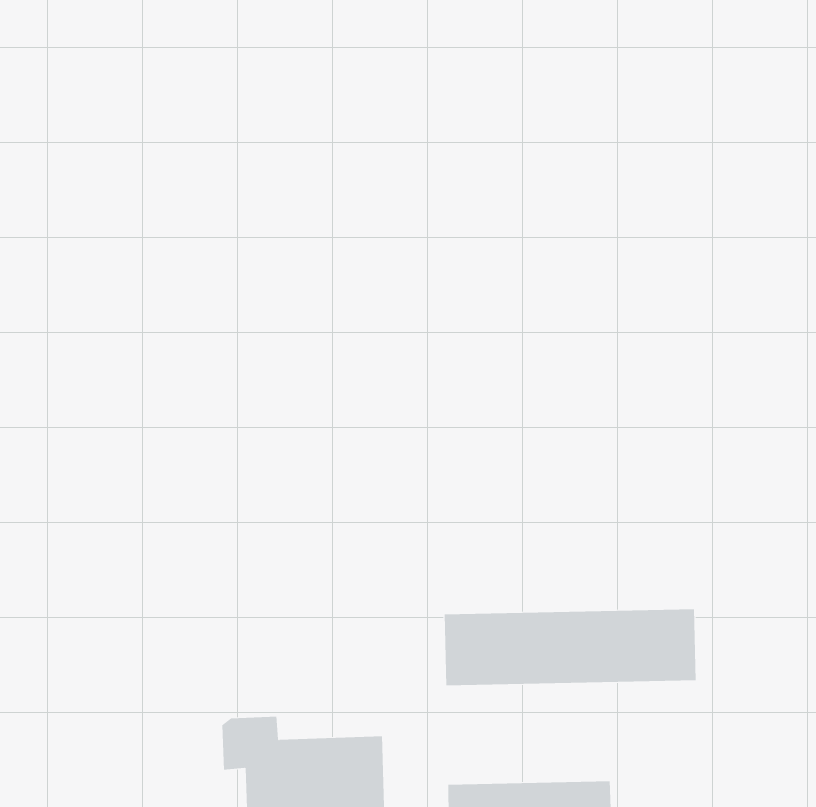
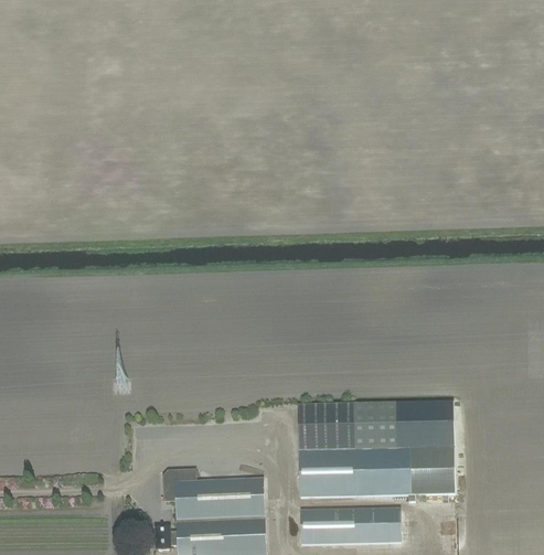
building: none -> [300,447,456,499]

